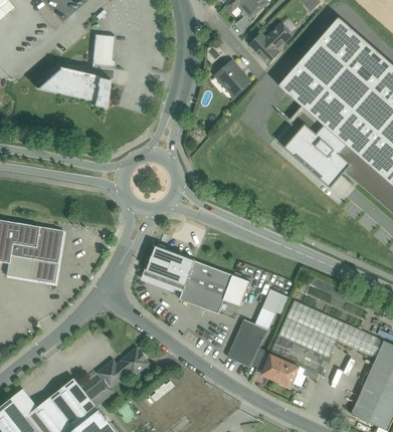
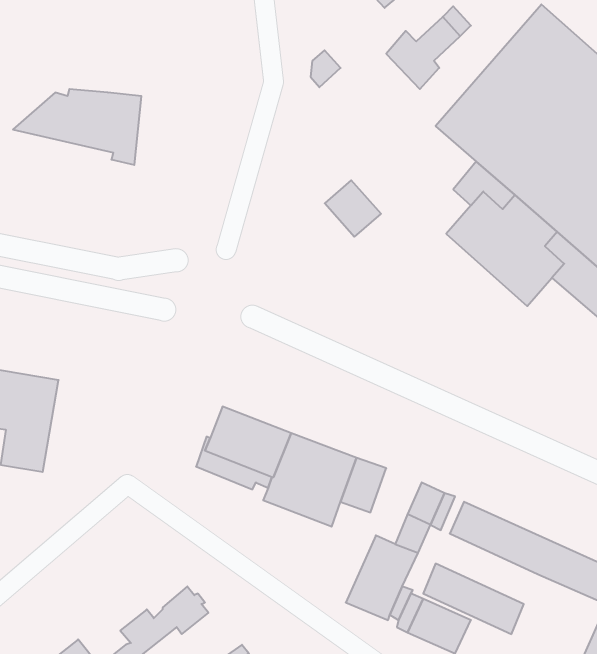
building: [91,35,116,69] -> none
building: [217,63,249,95] -> [325,180,381,237]
building: [278,318,337,359] -> none

